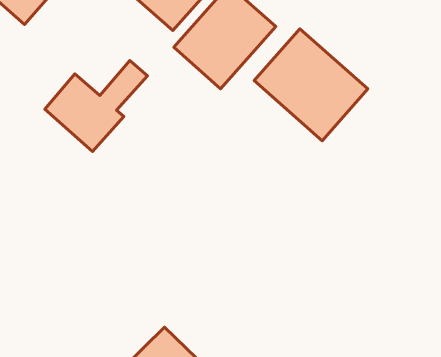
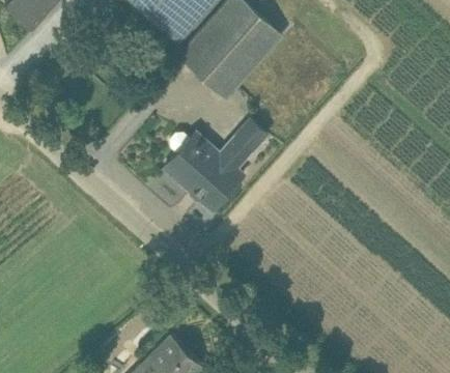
building: [254,29,368,141] -> none
building: [45,60,148,152] -> [164,120,266,211]

